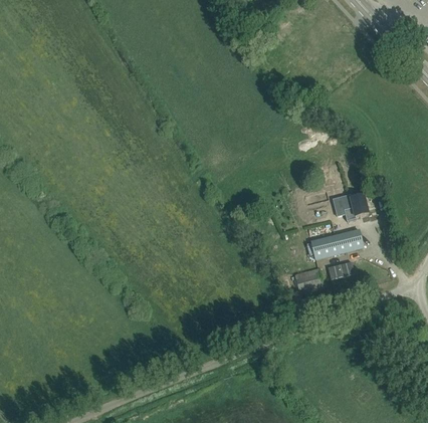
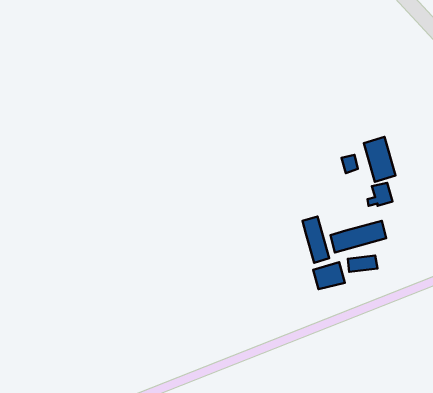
building: none -> [364,137,395,182]
building: none -> [302,216,329,263]

